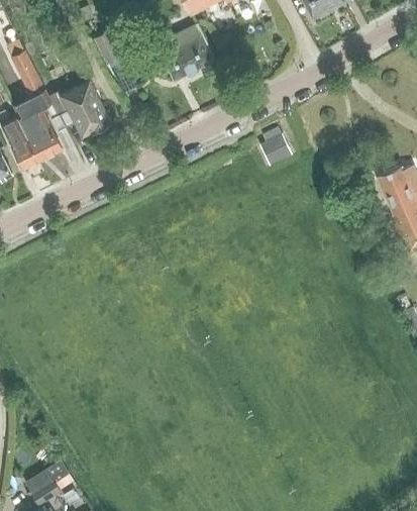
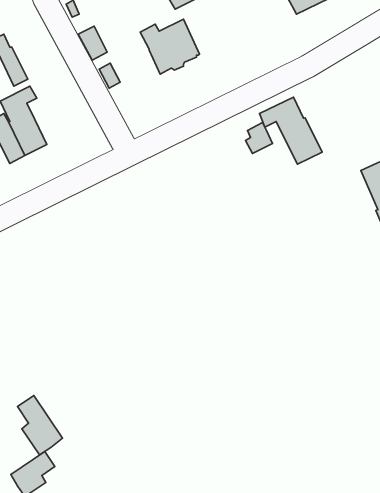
building: [46,81,111,137] -> none
building: none -> [260,97,322,164]
building: none -> [18,395,63,455]

